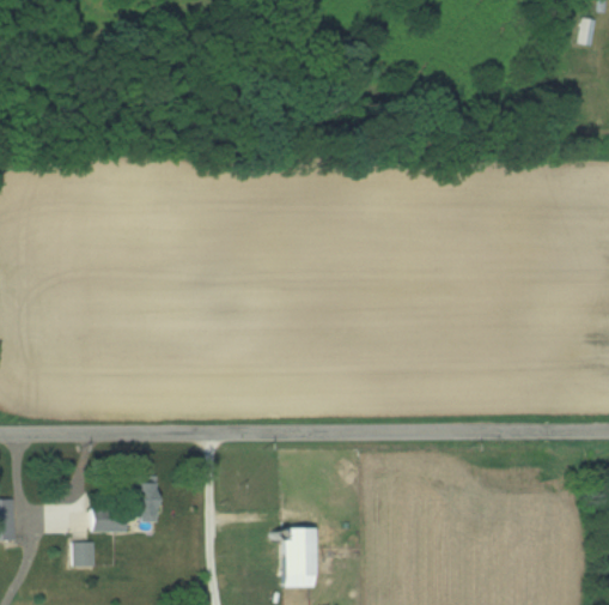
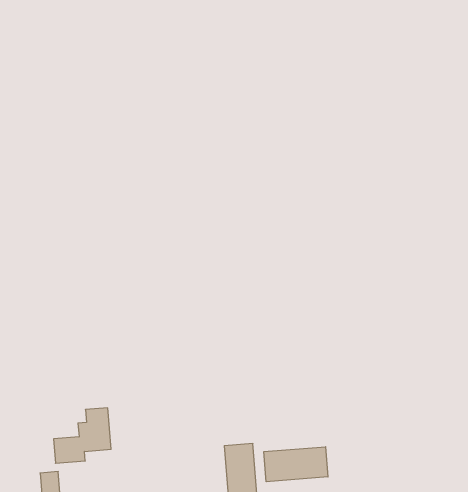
building: none -> [264,447,328,482]

